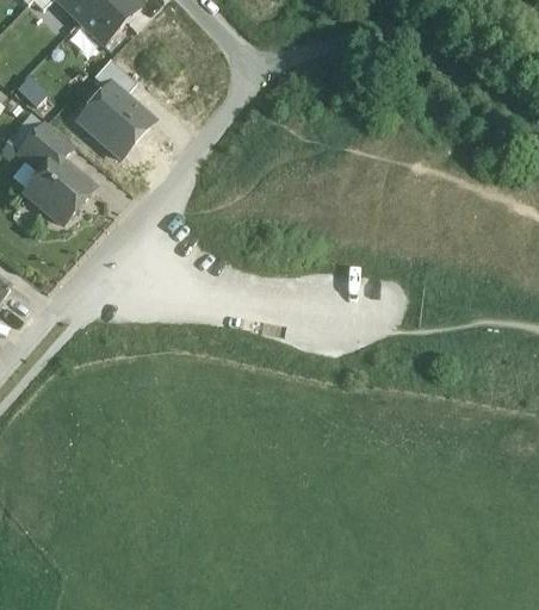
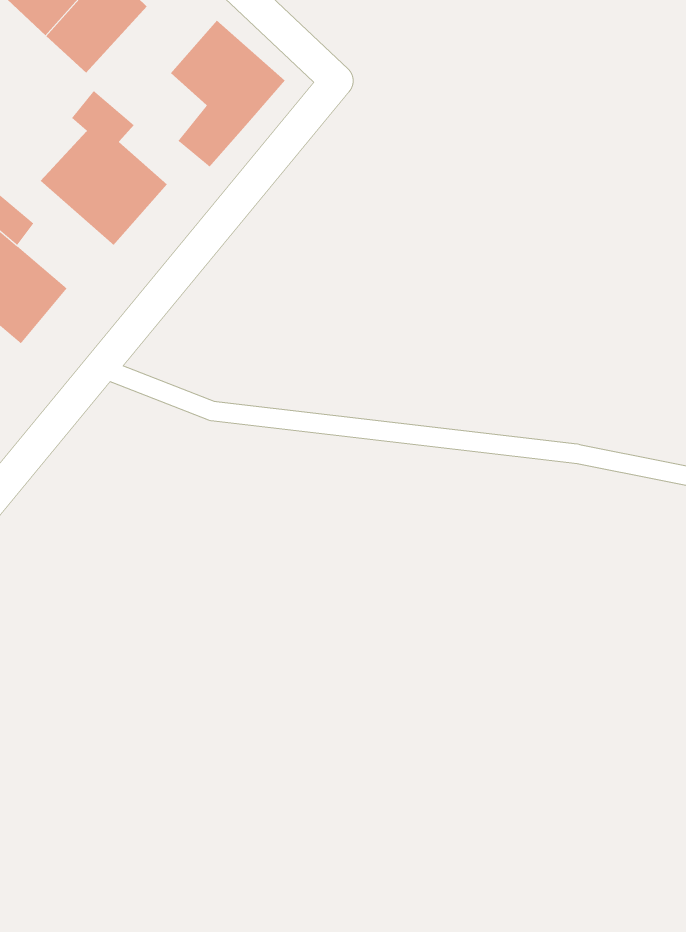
building: none -> [170,20,285,167]

